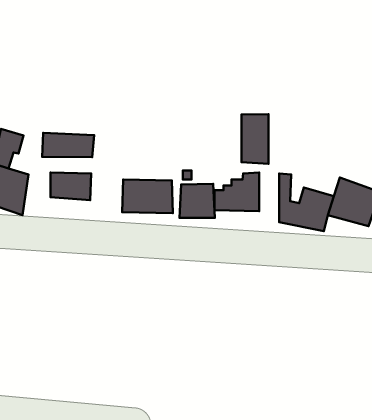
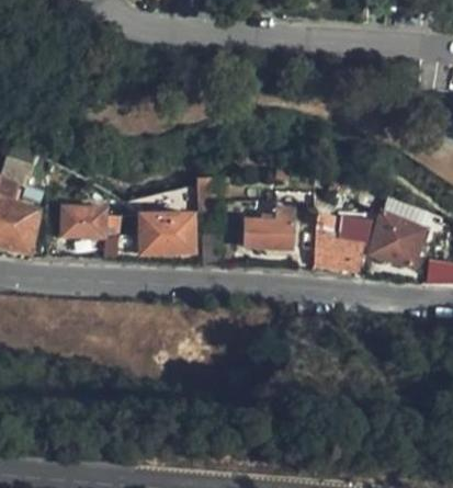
building: [242,114,269,164] -> none
building: [42,133,94,157] -> none
building: [180,184,215,218] -> none

